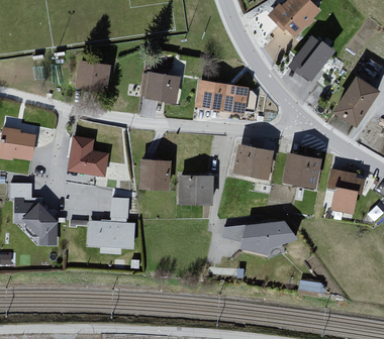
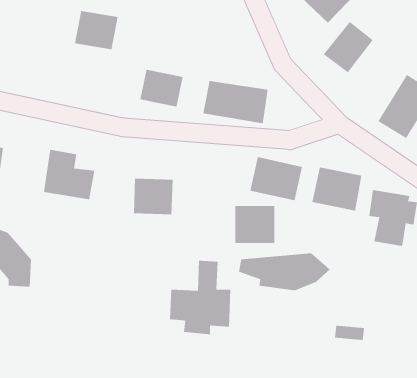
building: [74,62,109,93] -> [74,11,119,50]
building: [179,173,211,203] -> [235,206,275,244]
building: [87,195,136,254] -> [169,260,231,335]

